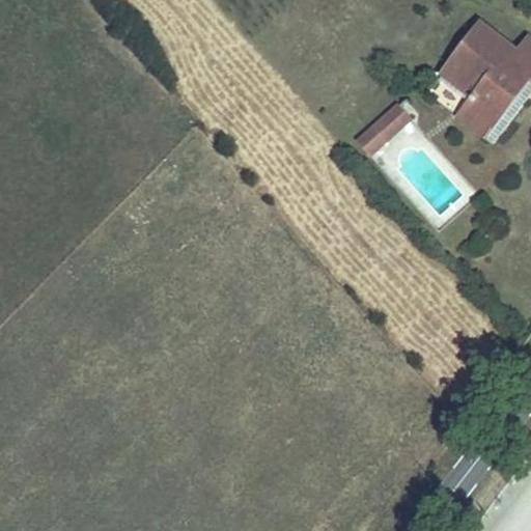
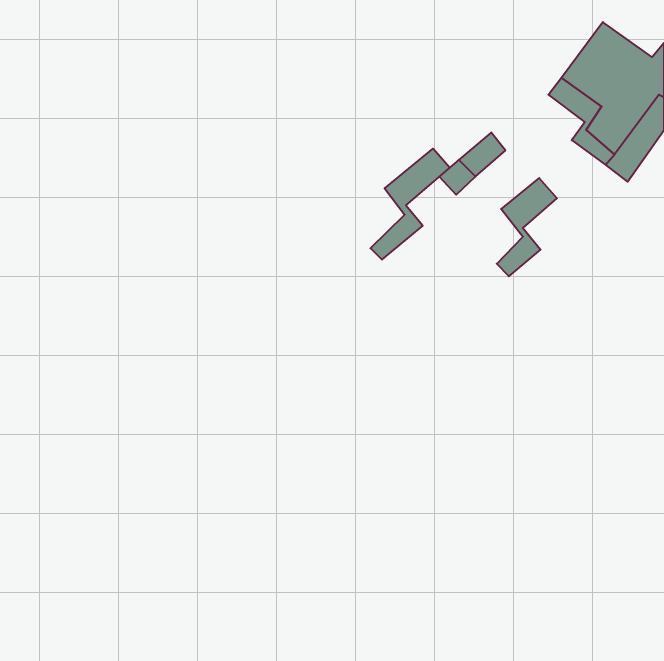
building: none -> [370,149,450,260]
building: none -> [497,178,557,276]

